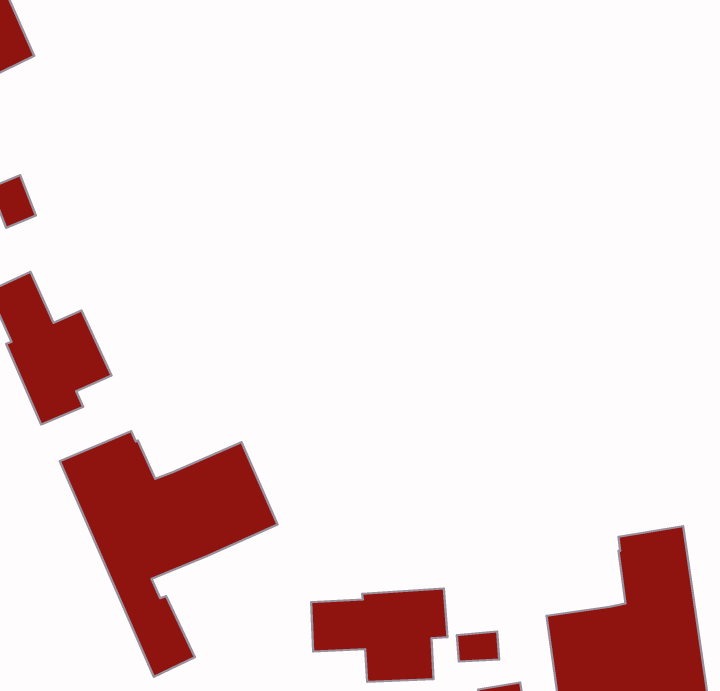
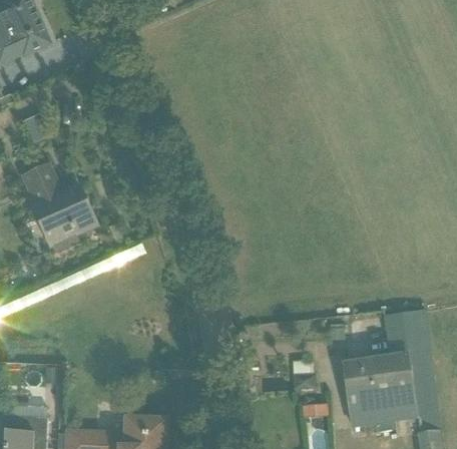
building: [60,431,278,677] -> none
building: [311,589,448,682] -> none

